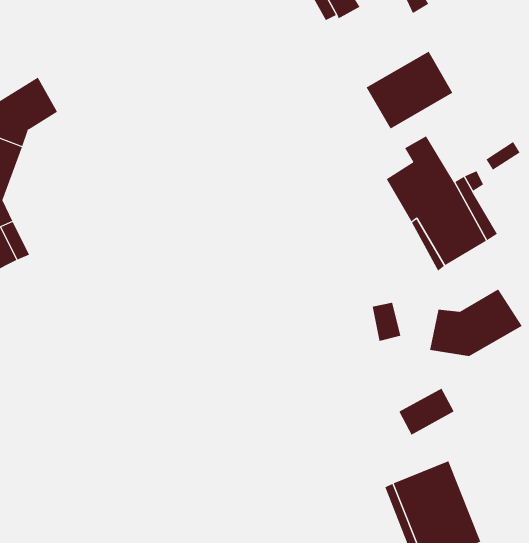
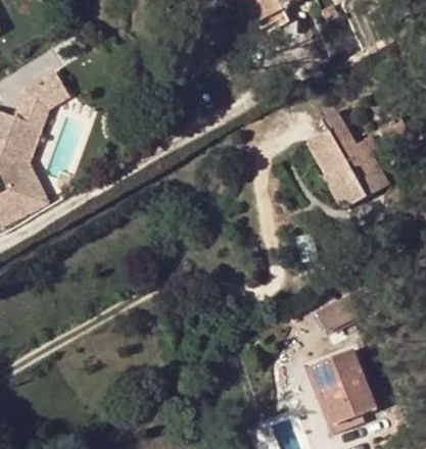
building: [366,51,453,130] -> none
building: [430,289,523,357] -> none

